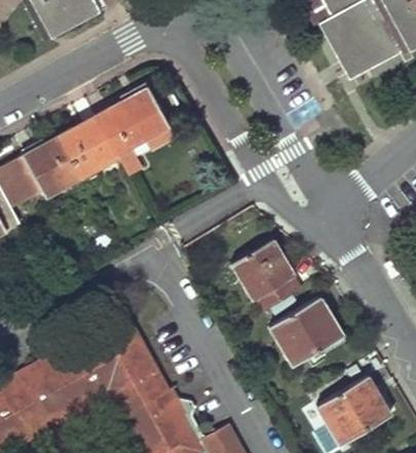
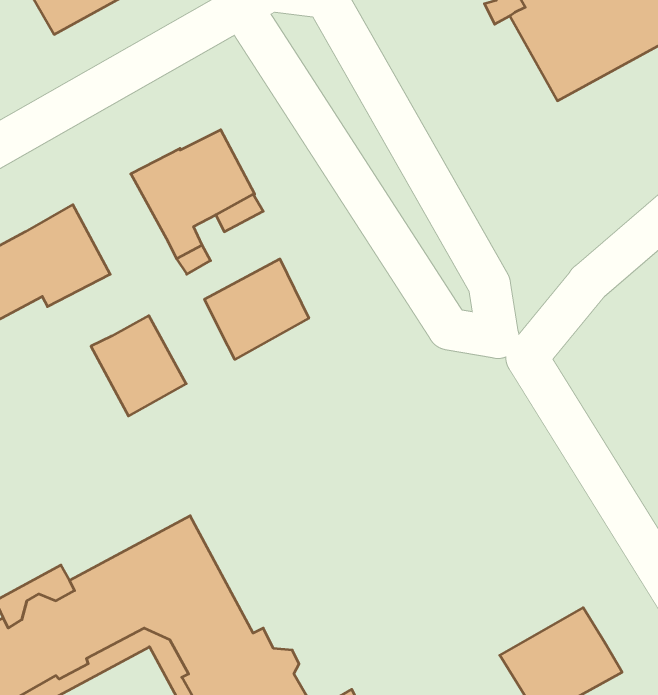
building: [61,116,118,177] -> [91,316,186,416]
building: none -> [205,259,309,359]
building: [233,239,303,313] -> none
building: [270,297,344,366] -> none

